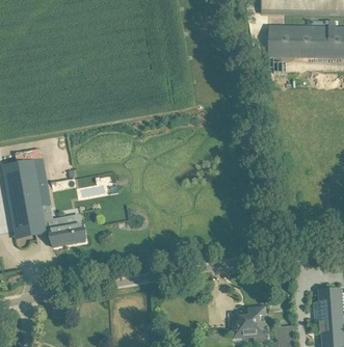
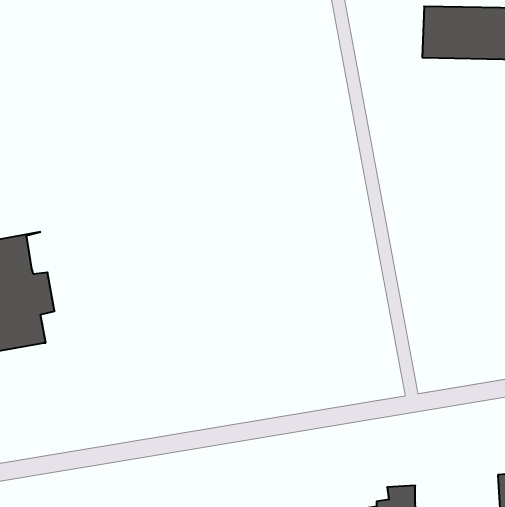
building: [51,222,85,246] -> none

